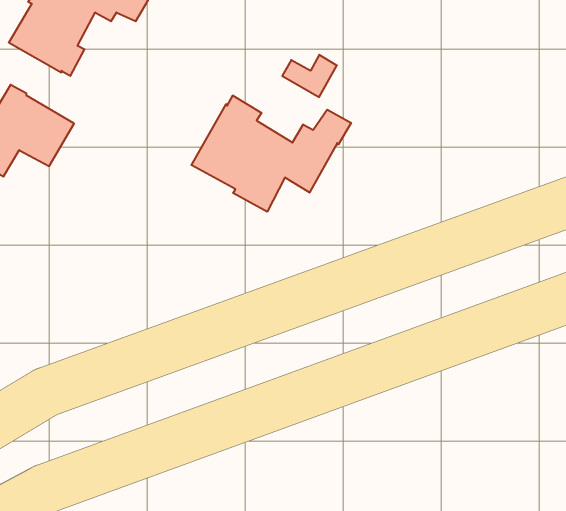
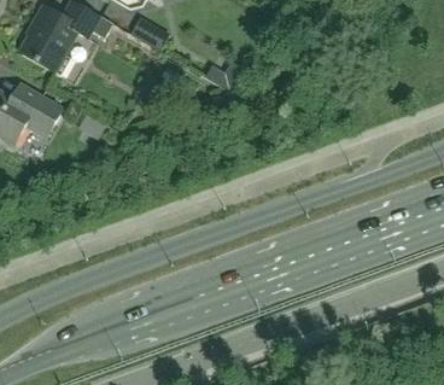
building: [191,95,351,212] -> none

